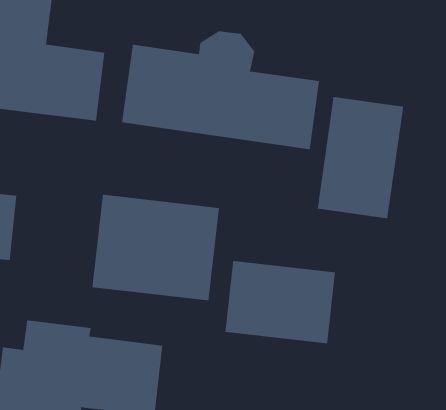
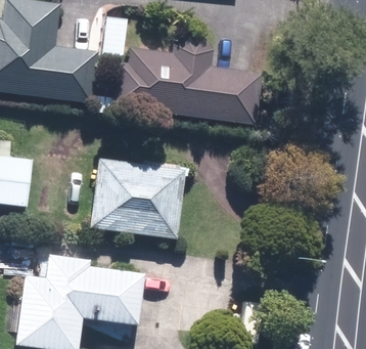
building: [317,96,404,219] -> none
building: [225,260,336,344] -> none

